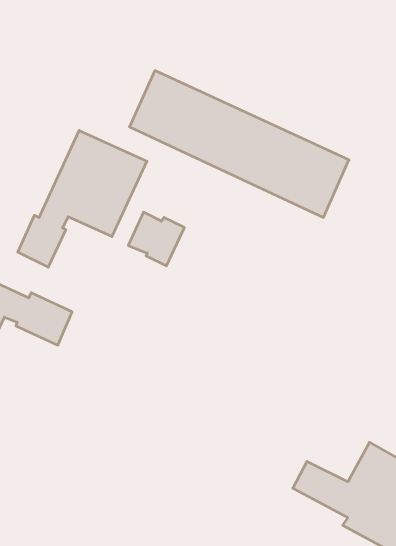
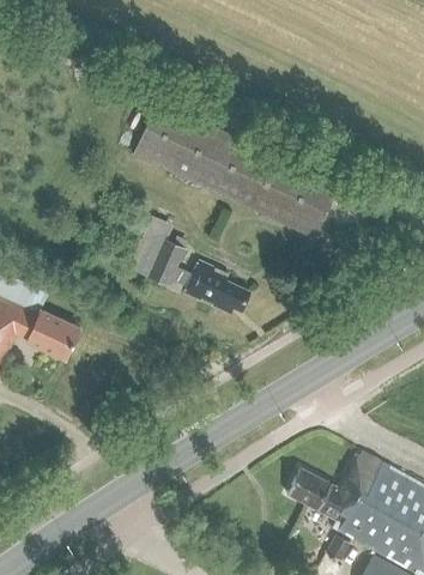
building: [18,130,147,267] -> none
building: none -> [183,261,248,313]

